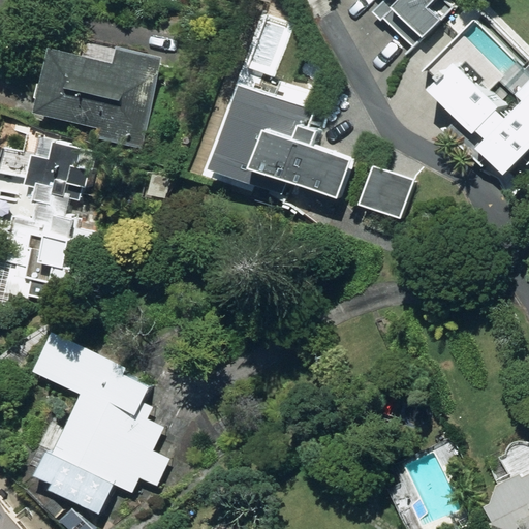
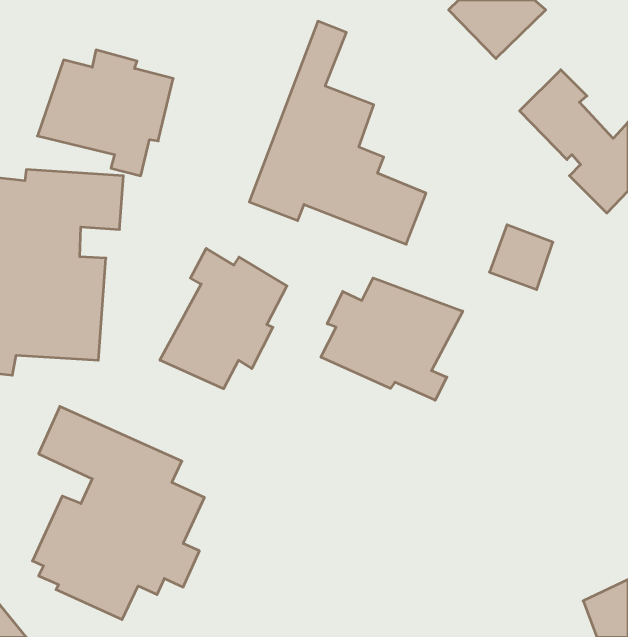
building: [360,163,412,217] -> [489,225,553,290]
building: none -> [160,248,287,389]
building: none -> [321,278,463,400]

